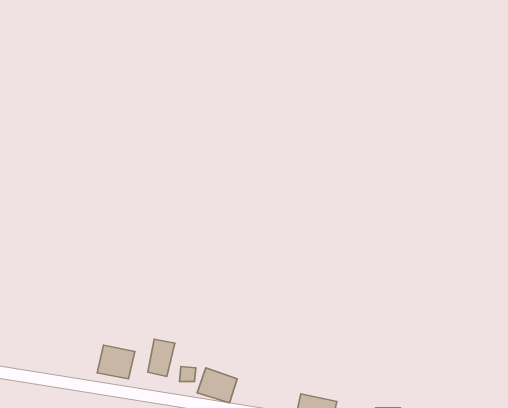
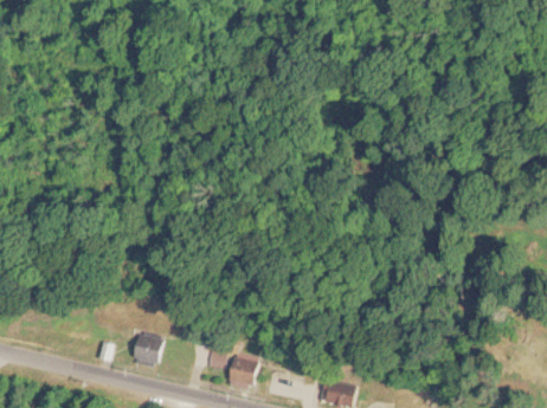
building: [148,339,175,377] -> none

